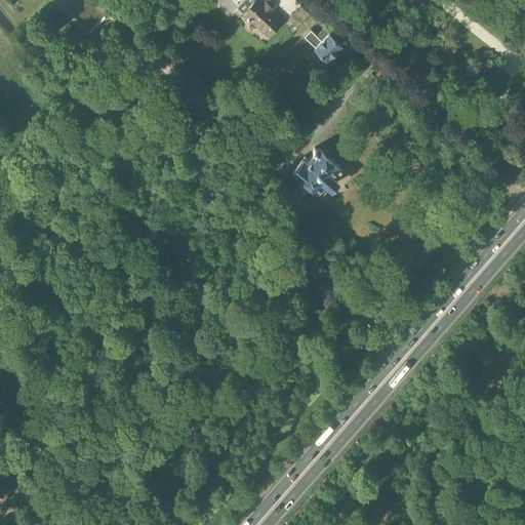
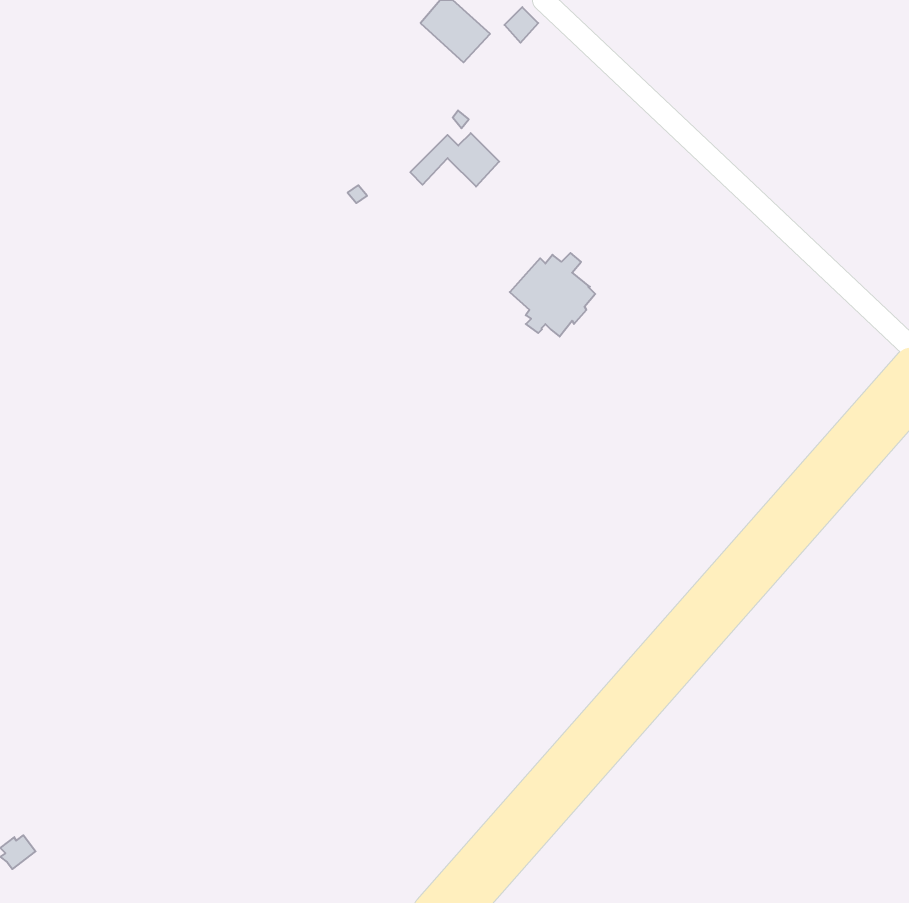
building: [289,32,340,63] -> [410,133,499,187]

